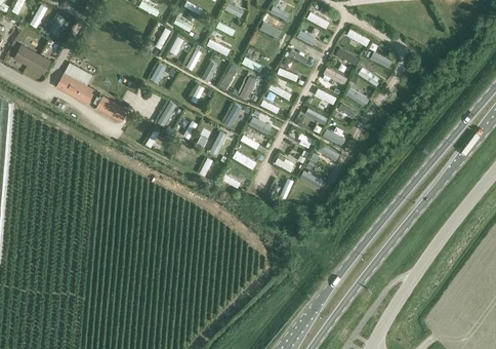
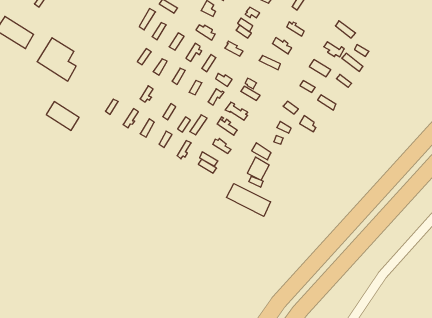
building: [95,95,128,123] -> [46,102,79,130]
building: none -> [226,184,271,216]

